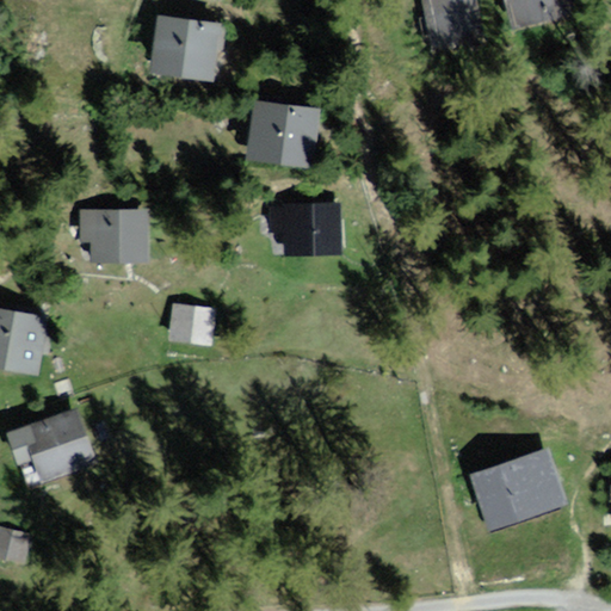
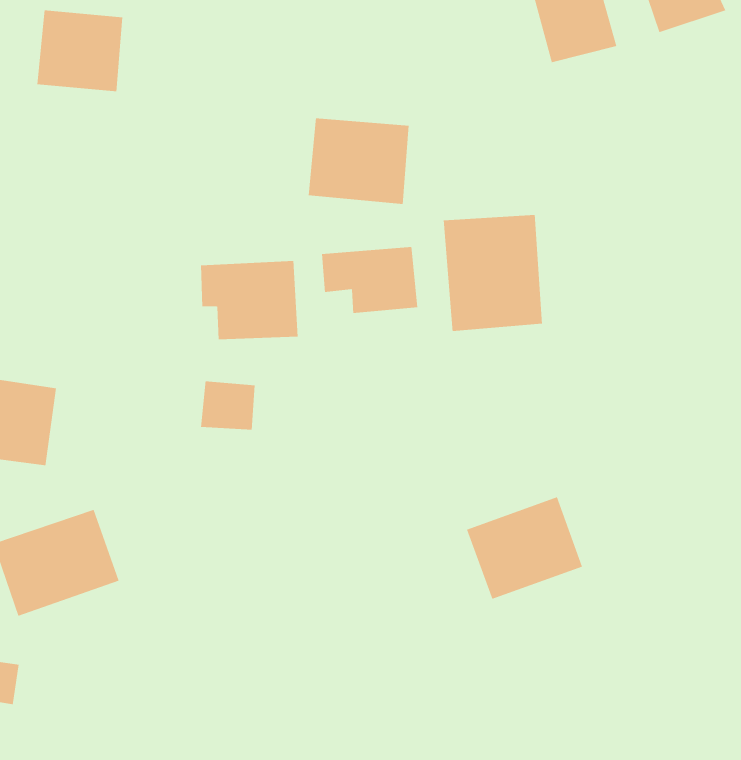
building: [158,20,227,86] -> [36,10,123,92]
building: none -> [443,214,543,332]
building: [73,203,152,266] -> [200,261,299,340]
building: [474,446,567,529] -> [466,497,583,600]

